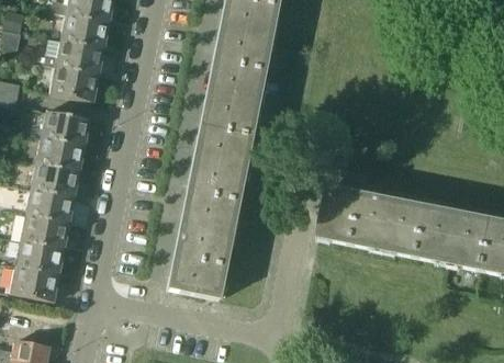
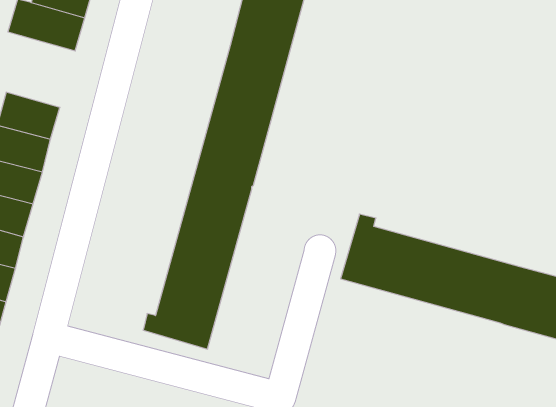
building: [51,65,99,101] -> none

